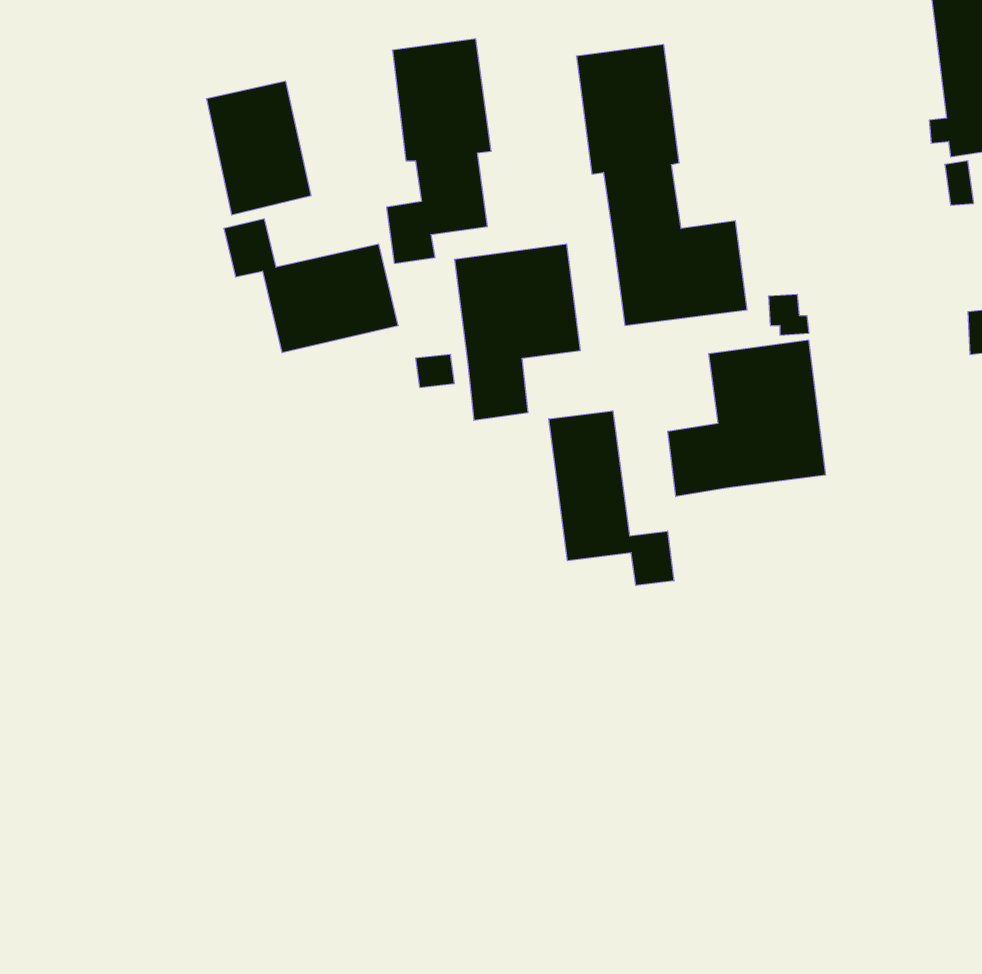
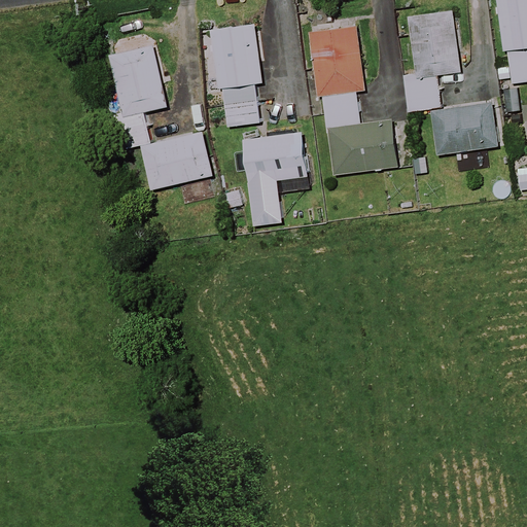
building: none -> [402,9,498,155]
building: [668,340,826,497] -> none
building: [549,411,674,586] -> none

